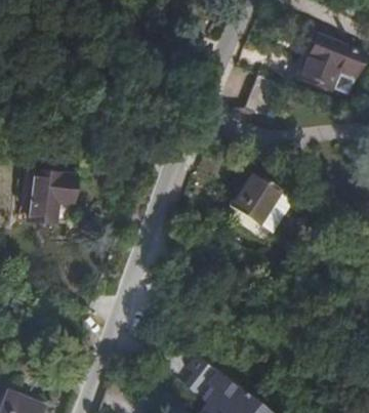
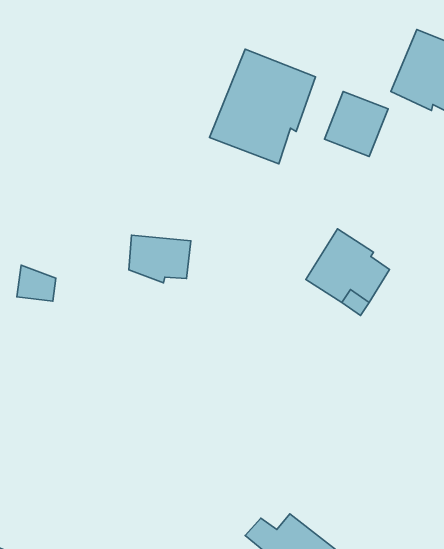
building: none -> [210,49,316,164]
building: [33,173,77,207] -> [129,235,191,283]

